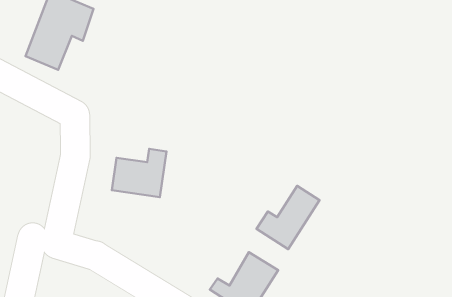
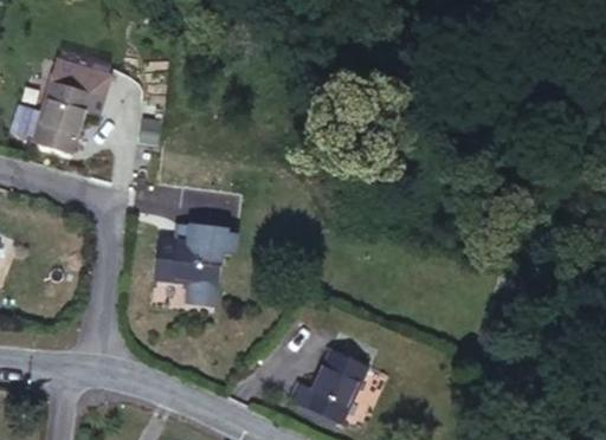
building: [257,186,320,249] -> none

